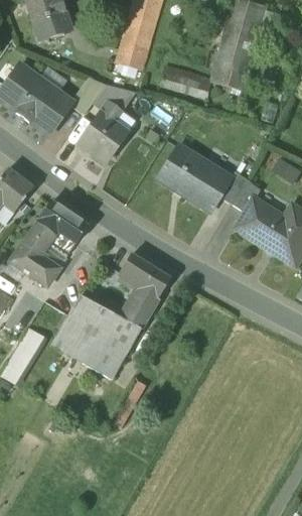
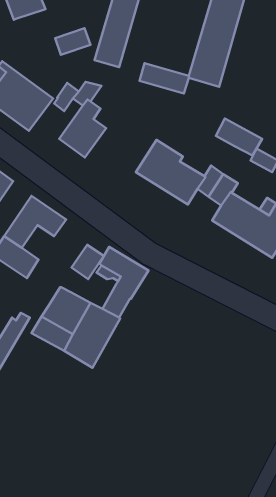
building: [34,10,70,37] -> [55,28,90,55]
building: none -> [216,119,262,155]
building: [40,232,73,267] -> [72,245,104,279]

